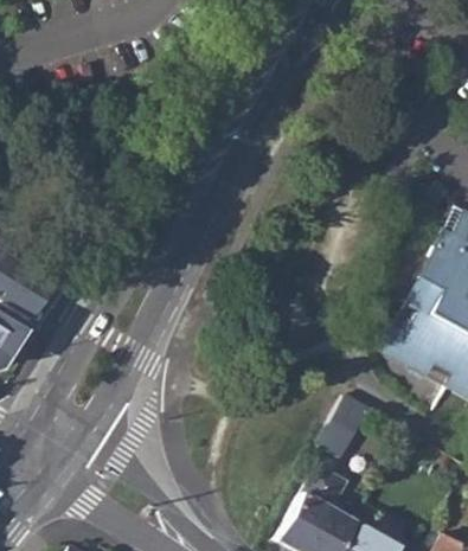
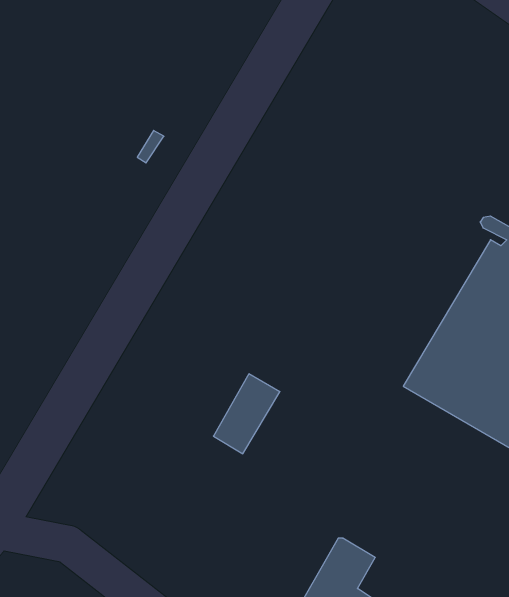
building: [319,392,372,456] -> [213,374,280,454]

